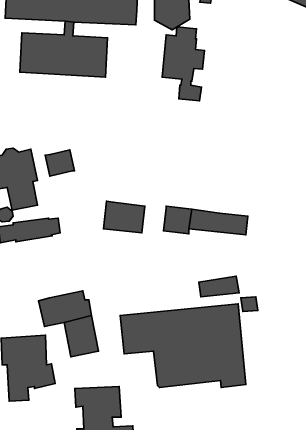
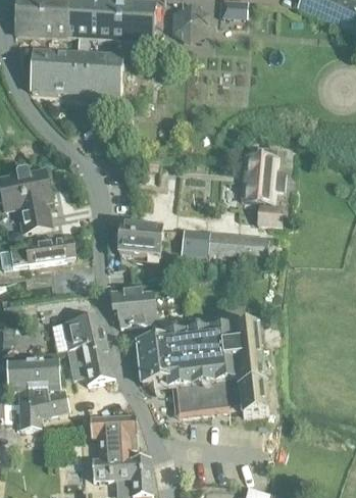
building: [162,27,205,101] -> [242,146,286,222]
building: [45,150,74,176] -> none
building: none -> [108,288,180,326]

